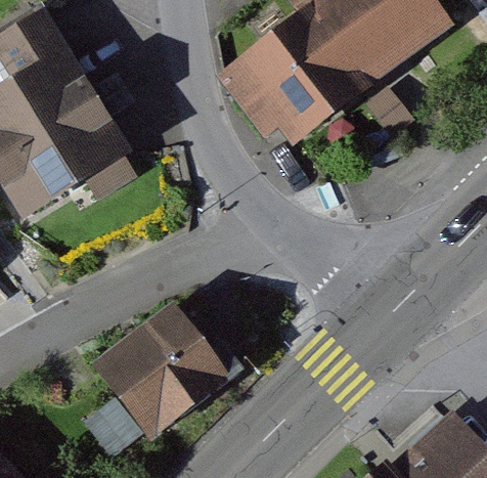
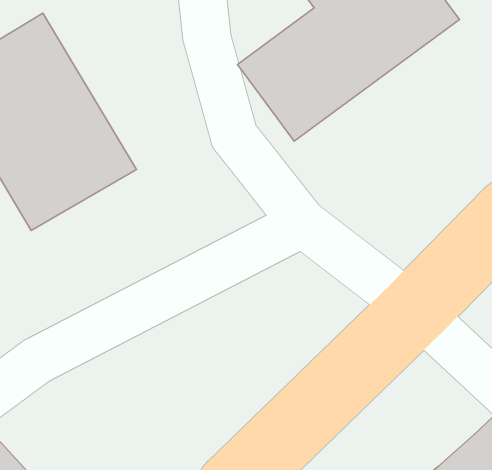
building: [91,306,228,440] -> none

